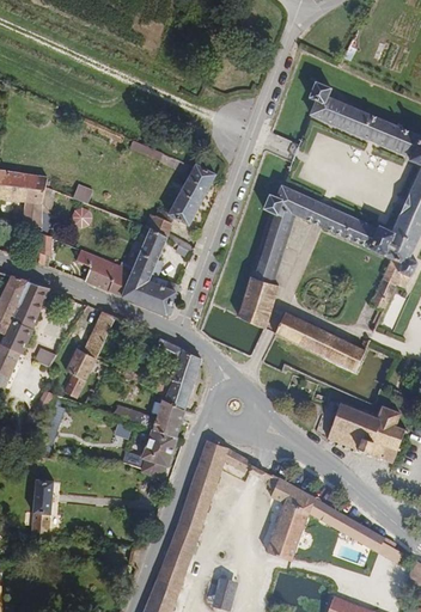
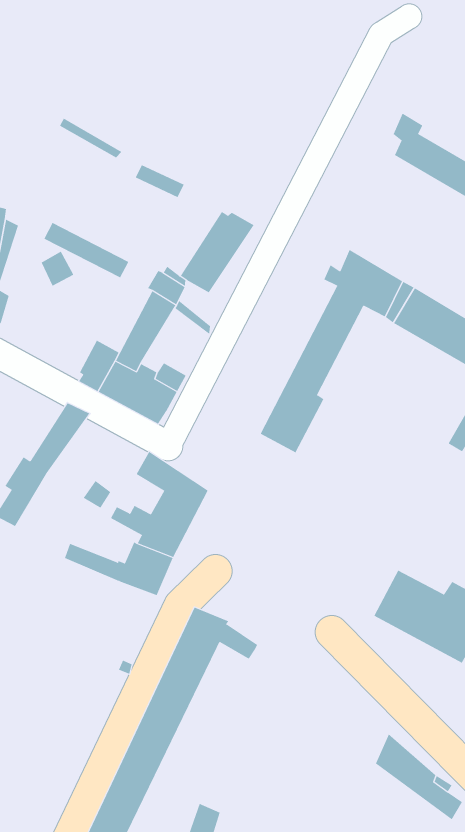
building: [75,247,117,292] -> none
building: [276,307,370,372] -> none
building: [140,427,178,476] -> none
building: [269,472,348,558] -> none

